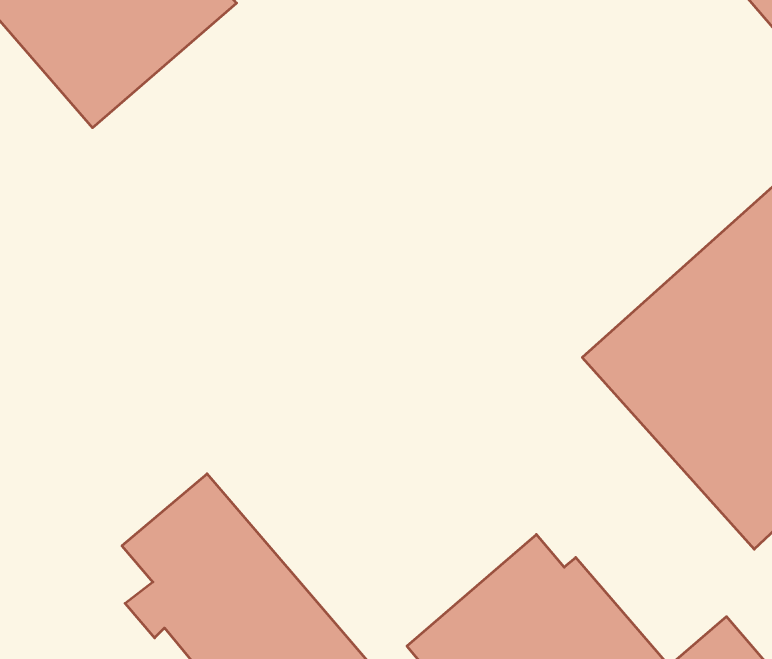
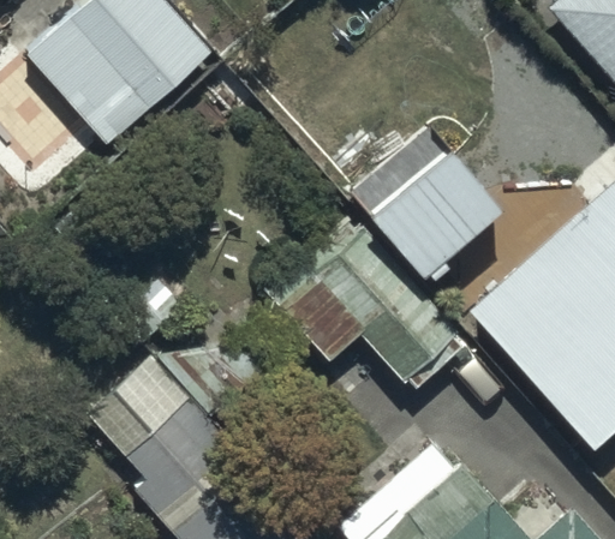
building: none -> [356,127,498,282]
building: none -> [282,232,461,387]

